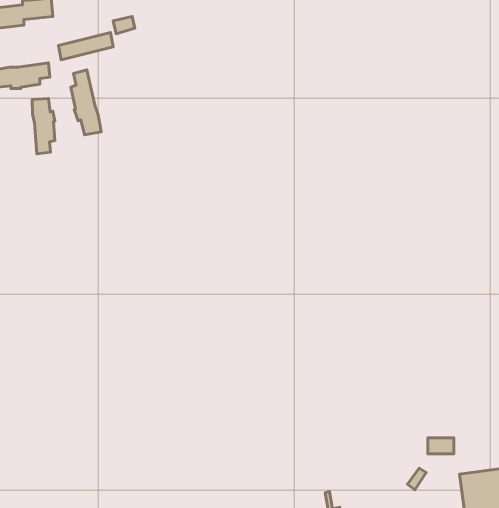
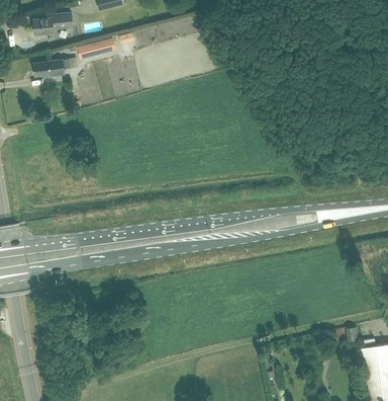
building: [71,70,101,135] -> none
building: [32,99,55,154] -> none

